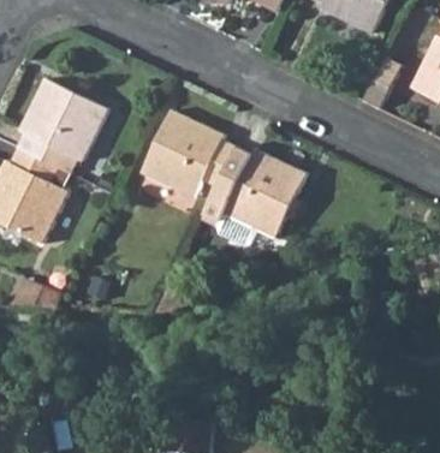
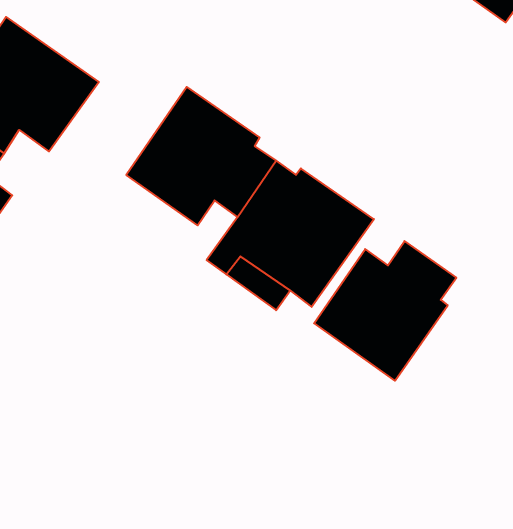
building: none -> [314,241,456,381]

